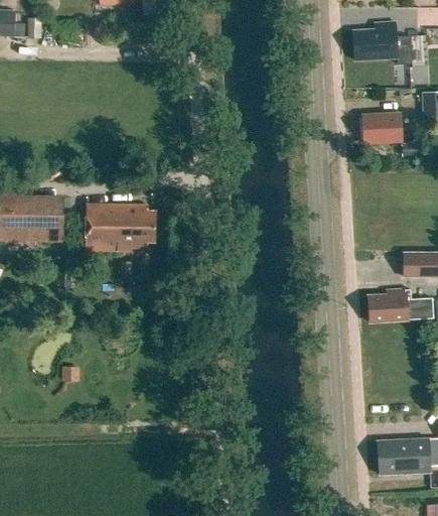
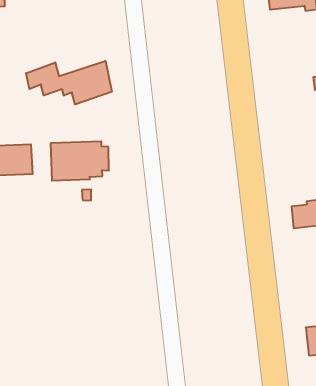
building: none -> [26,61,112,104]
building: [361,113,401,143] -> none

